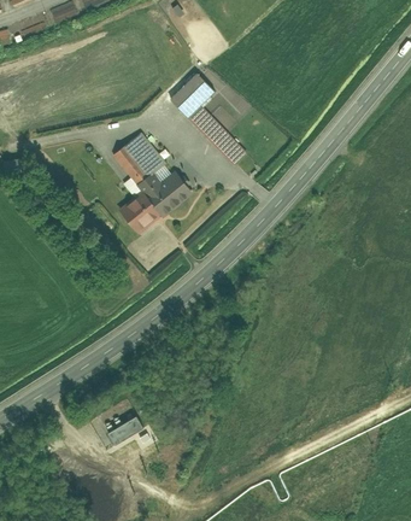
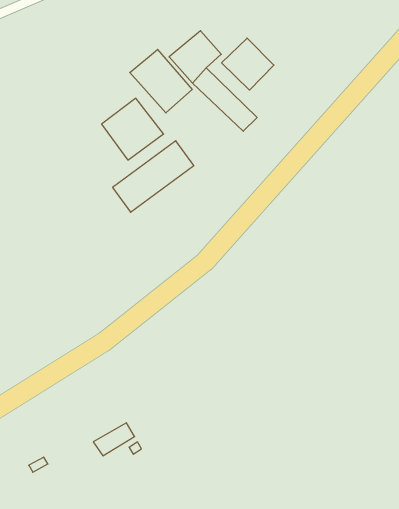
building: none -> [222,38,274,90]
building: none -> [130,49,192,113]

